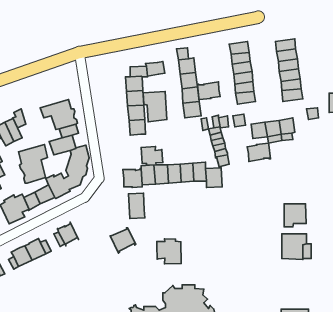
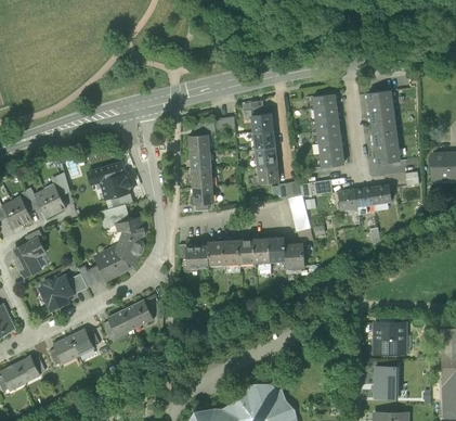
building: [197,82,220,100] -> none
building: [143,91,167,122] -> none
building: [247,143,270,161] -> none
building: [18,144,48,183] -> none
building: [141,146,163,165] -> none
building: [128,193,145,218] -> none
building: [284,204,306,227] -> none
building: [110,228,136,253] -> [123,299,154,330]
building: [157,239,181,264] -> none
building: none -> [375,367,398,398]

